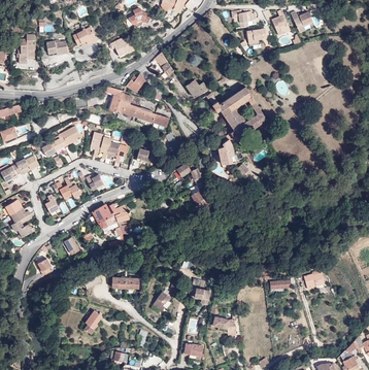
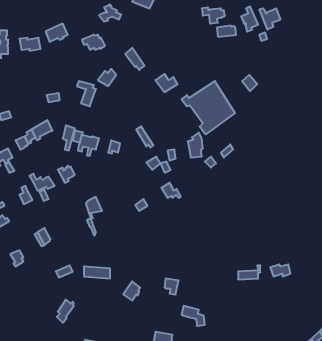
building: [119,94,169,126] -> none
building: [92,203,118,228] -> none

